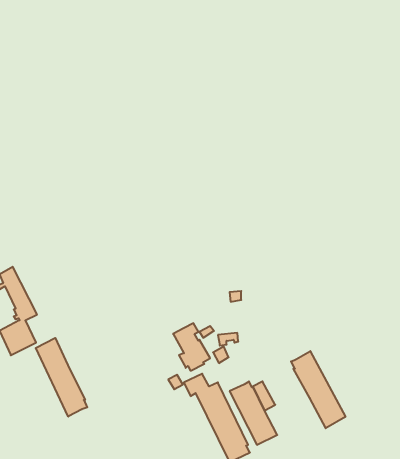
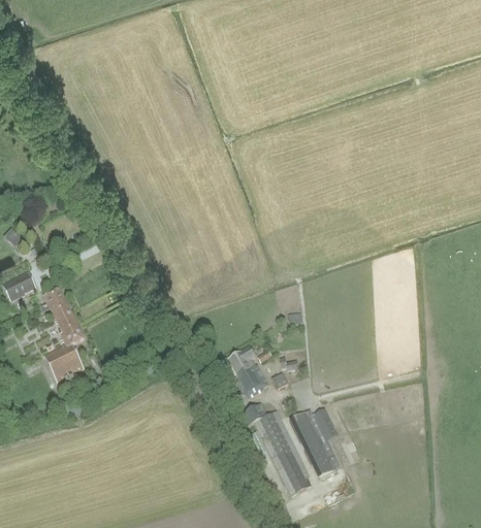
building: [36,338,87,417] -> none
building: [291,351,345,428] -> none

